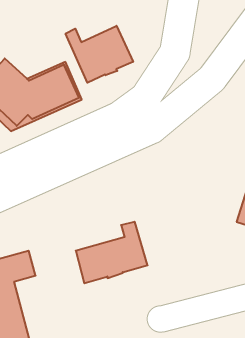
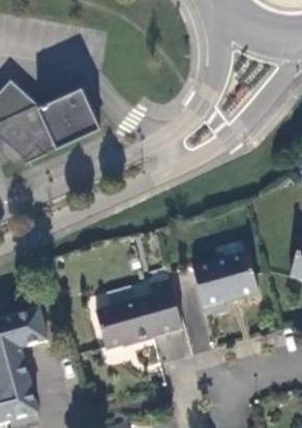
building: [66,26,133,83] -> none
building: none -> [192,252,259,315]

